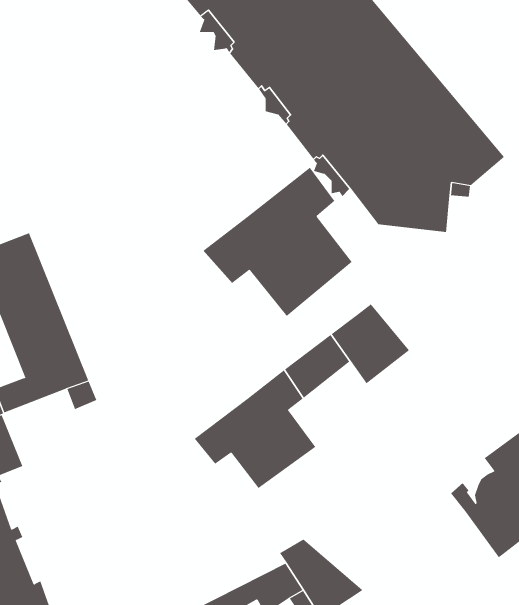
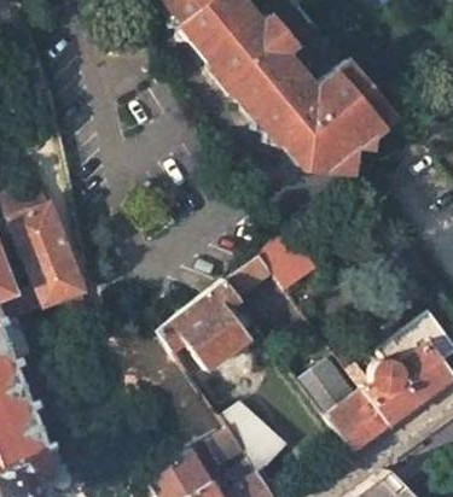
building: [202,167,353,317] -> none
building: none -> [303,362,391,450]

